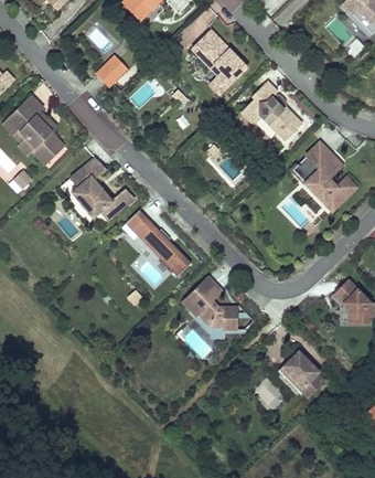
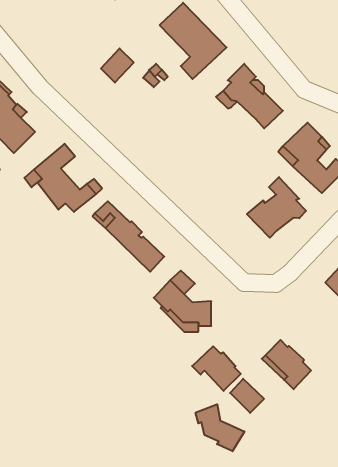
building: [97,56,128,88] -> [101,48,134,83]
building: none -> [247,177,306,238]
building: none -> [192,346,241,391]
building: none -> [196,404,244,451]

